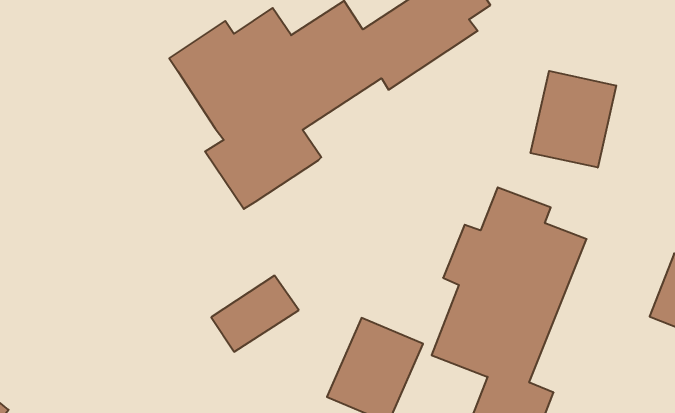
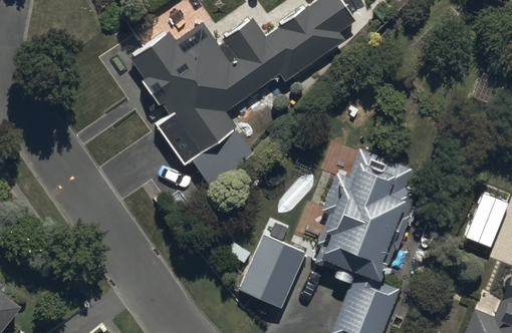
building: [531,71,616,168] -> none
building: [211,276,299,352] -> [191,127,252,181]

